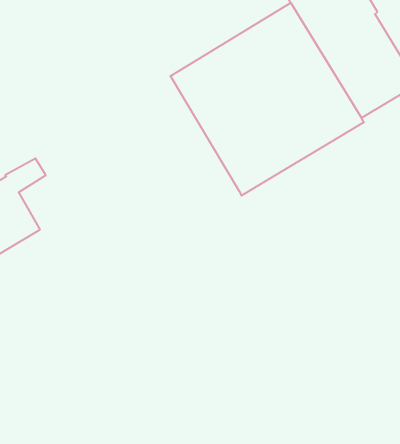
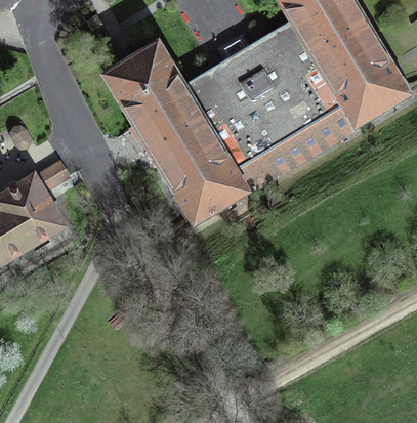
building: none -> [106,44,245,221]

